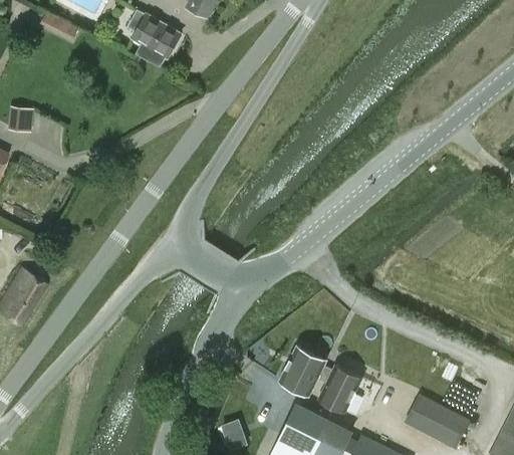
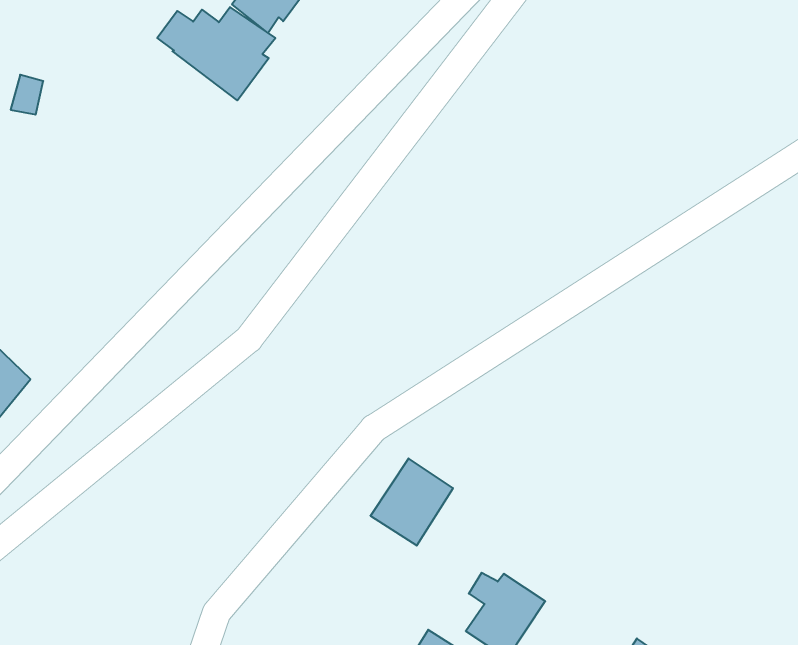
building: none -> [157,7,275,100]
building: [279,346,325,396] -> [370,458,453,546]

